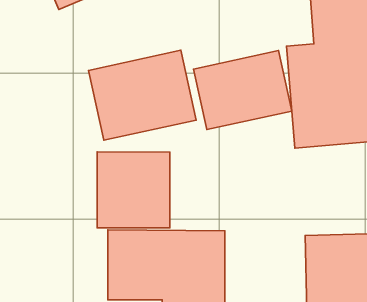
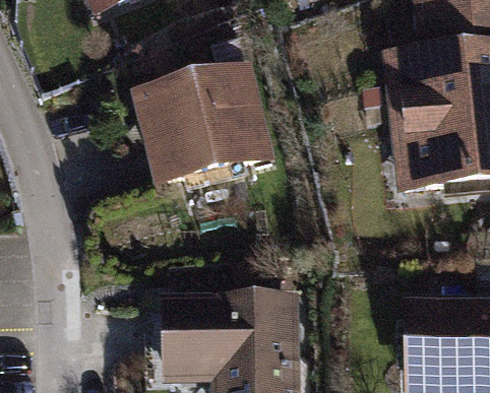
building: [194,51,292,130] -> none
building: [97,152,170,228] -> none

